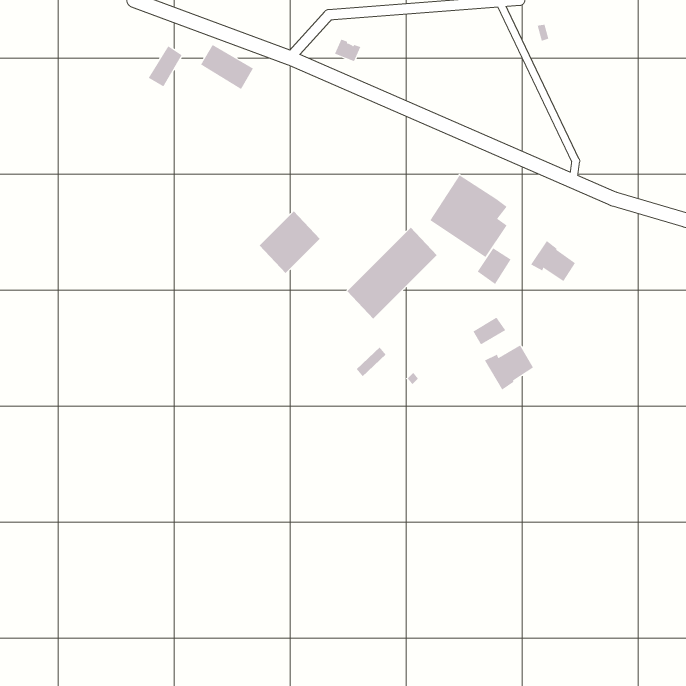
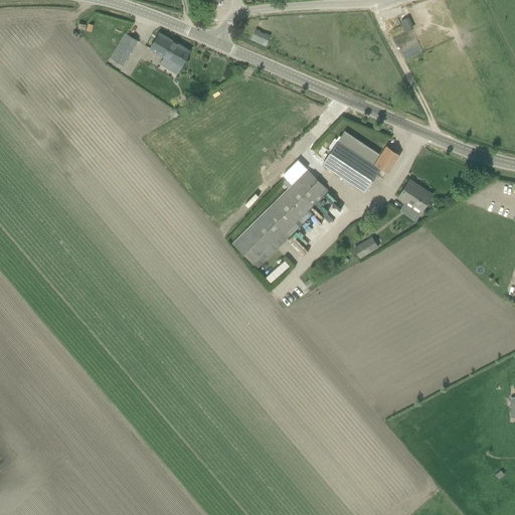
building: [259,211,321,274] -> [233,218,280,266]
building: [477,247,512,285] -> [374,146,400,174]
building: [484,344,534,390] -> none

